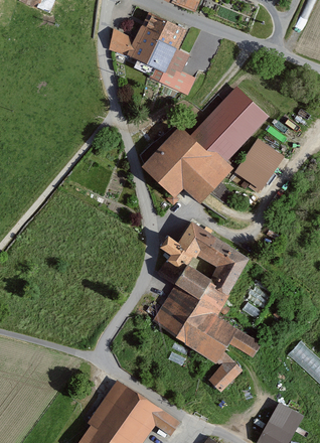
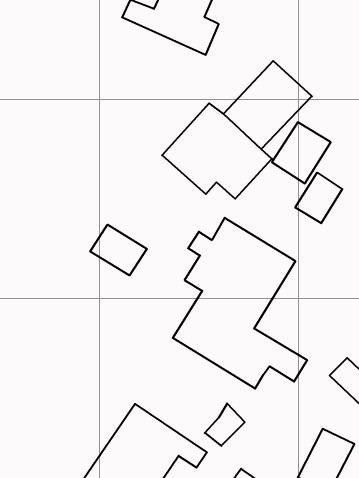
building: none -> [295,173,342,223]
building: none -> [90,225,147,275]
building: [208,354,243,391] -> [205,403,245,446]

